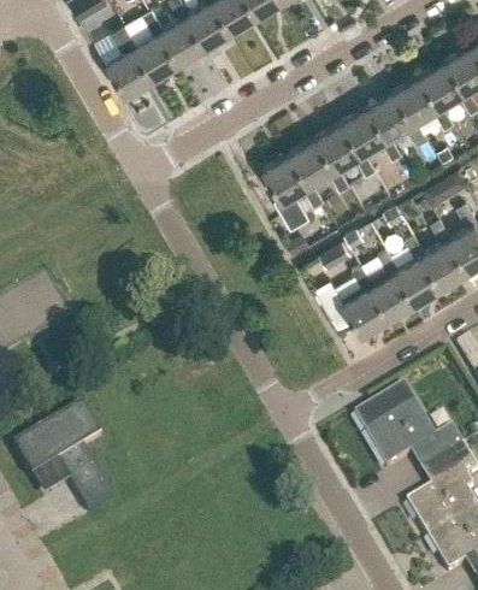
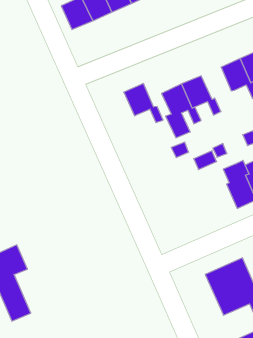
building: [318,120,378,173] -> [124,84,163,123]
building: [337,264,391,332] -> none

